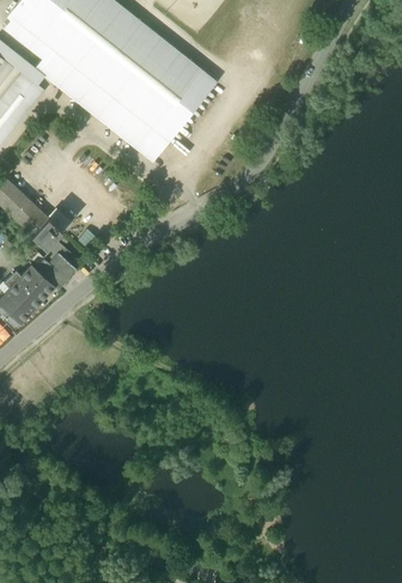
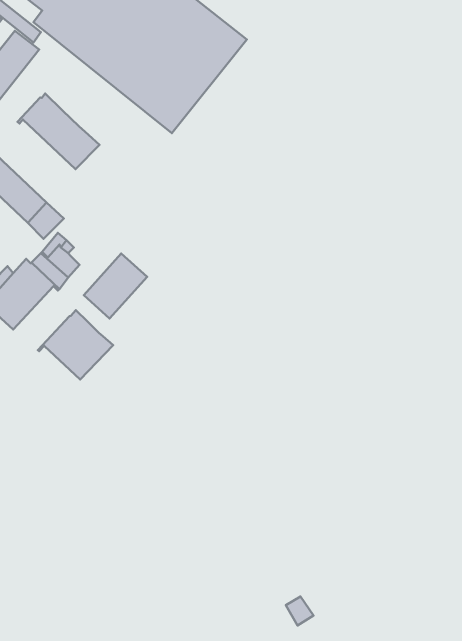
building: none -> [18,94,100,169]
building: none -> [84,253,147,318]
building: none -> [38,310,113,380]

